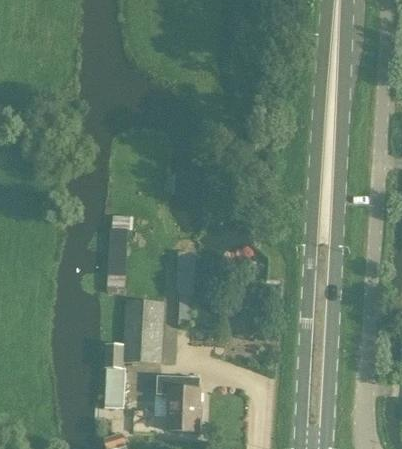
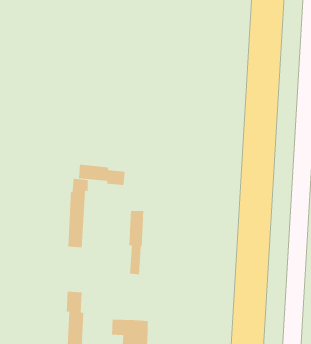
building: none -> [79,164,125,186]
building: [124,300,164,364] -> none

